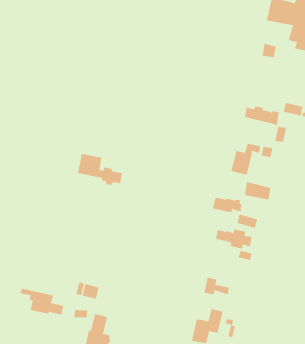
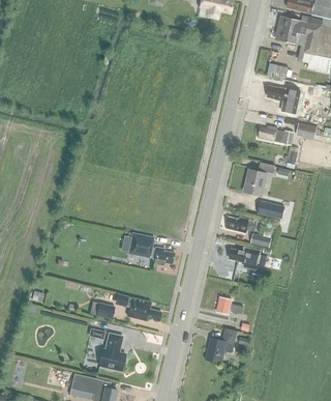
building: none -> [266,86,299,114]
building: [77,153,123,186] -> [127,233,173,265]
building: [19,288,64,315] -> [116,294,160,321]

